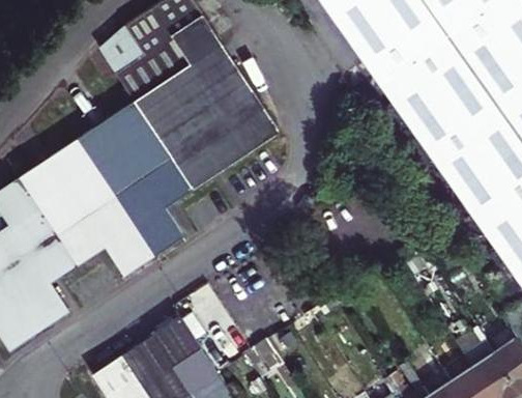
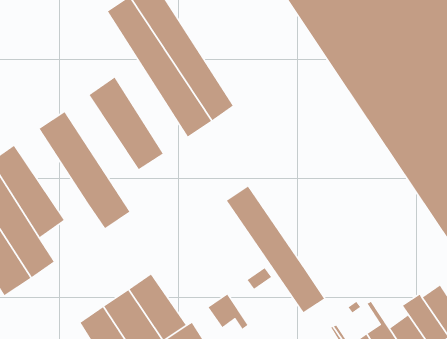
building: [105,22,222,184] -> none
building: [82,117,184,251] -> none
building: [24,155,108,260] -> none
building: none -> [226,185,325,313]

